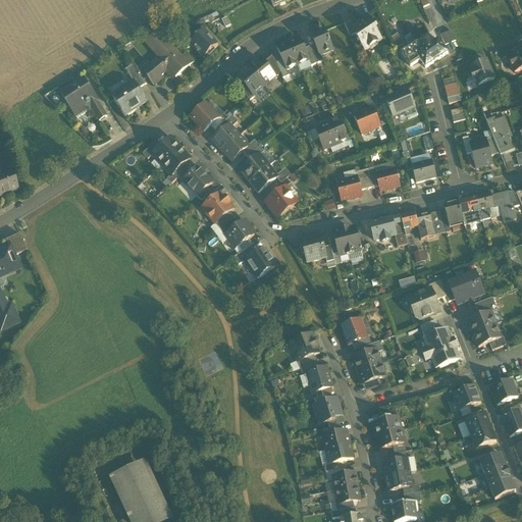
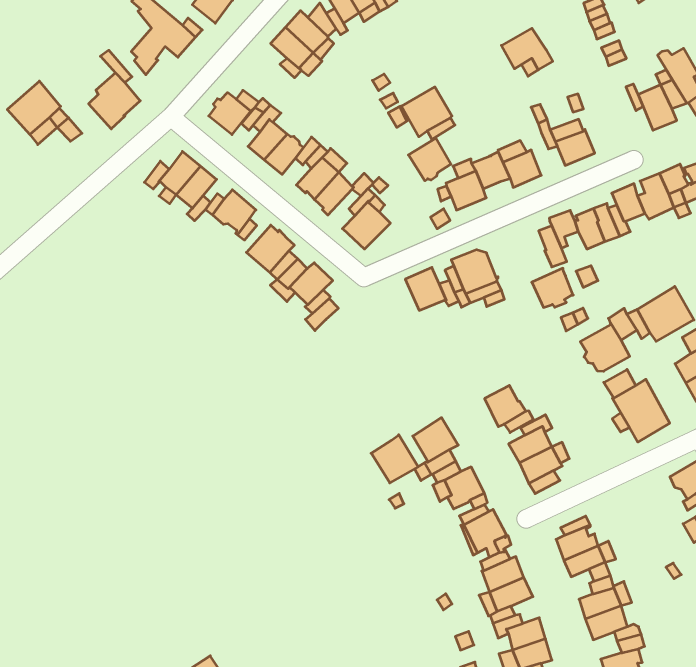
building: [354,106,380,133] -> [408,138,451,181]
building: [370,216,396,241] -> [532,268,573,307]
building: [247,247,275,276] -> none
building: none -> [371,435,418,483]

